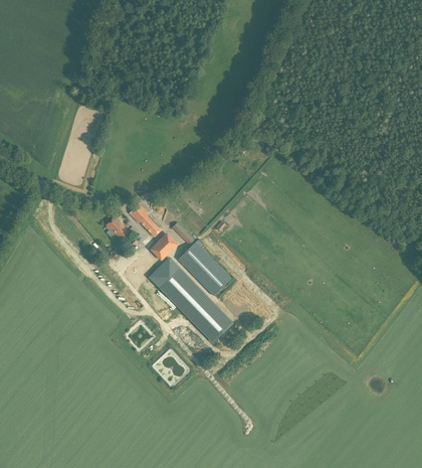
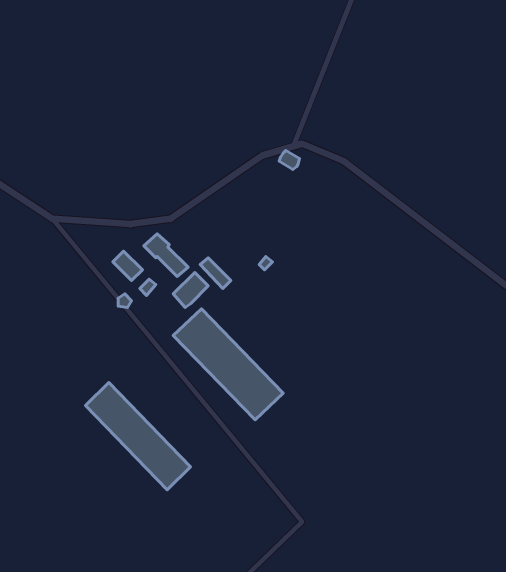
building: [177,241,230,295] -> none
building: none -> [86,383,191,490]

